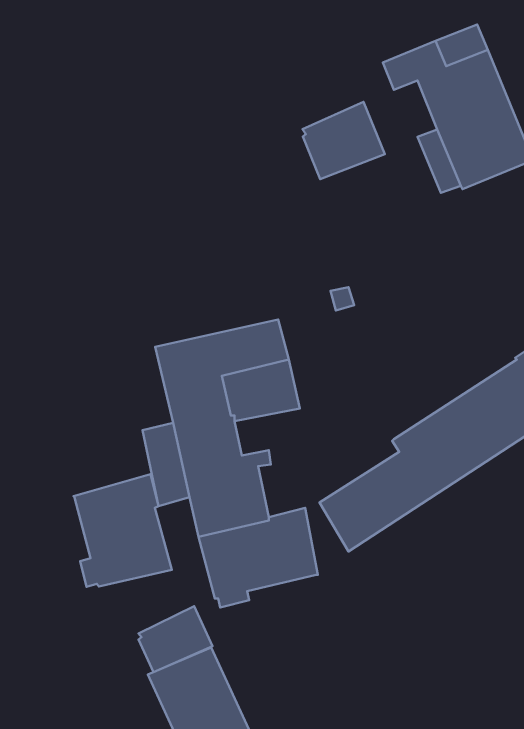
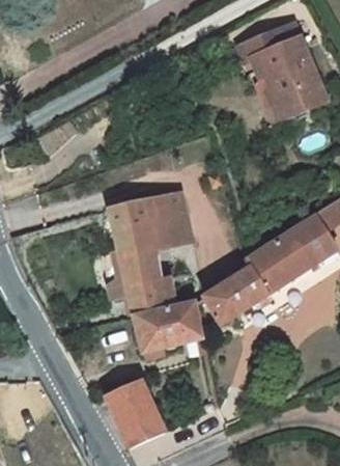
building: [302,102,385,179] -> none
building: [74,474,172,587] -> none
building: [138,606,213,672] -> none

